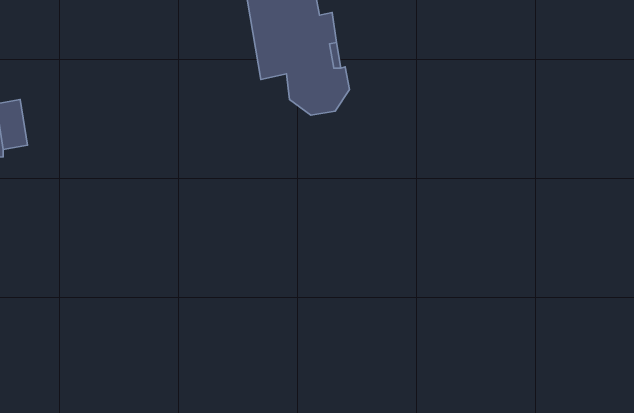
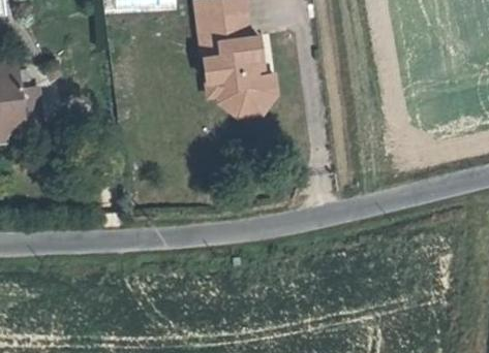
building: none -> [206,68,278,111]

